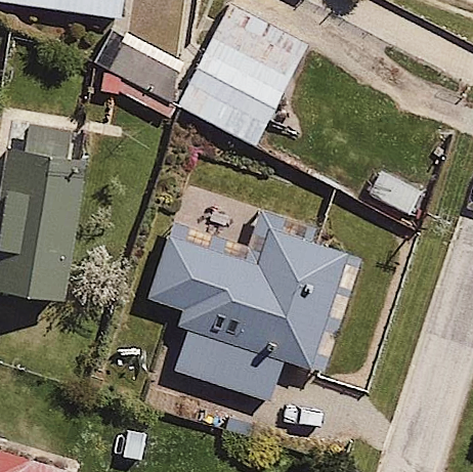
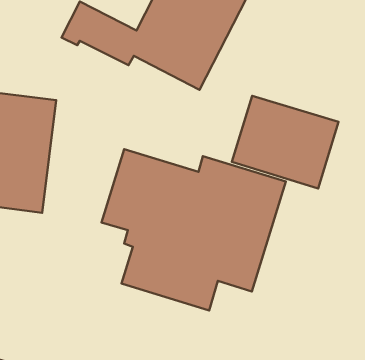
building: none -> [232,96,338,189]

